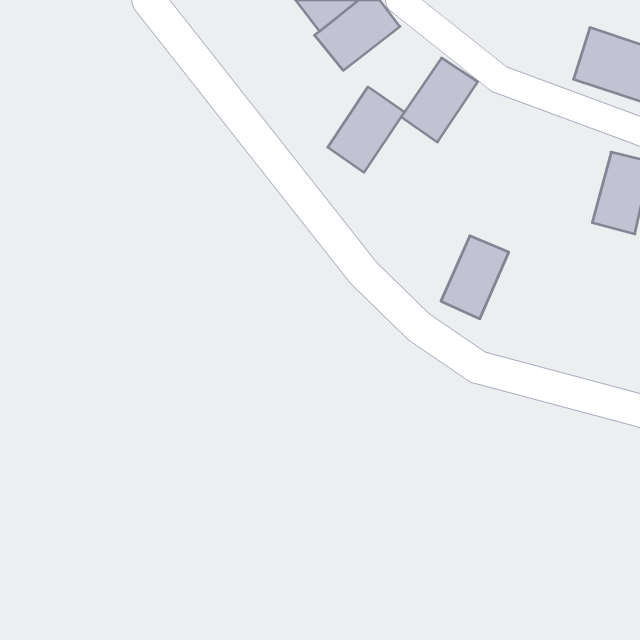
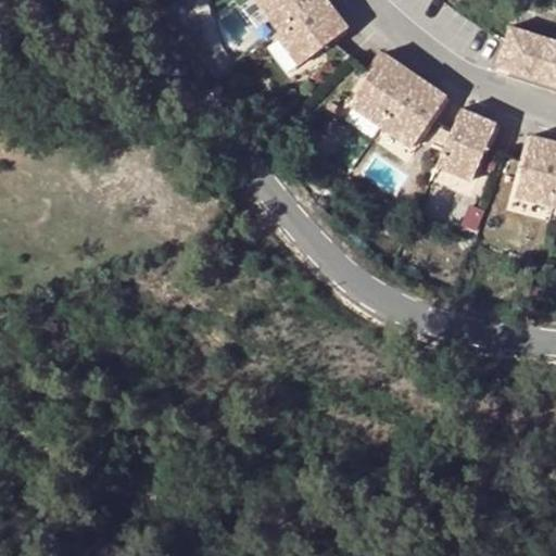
building: [328,87,404,172] -> [380,73,446,147]
building: [441,236,509,319] -> [437,108,495,179]

